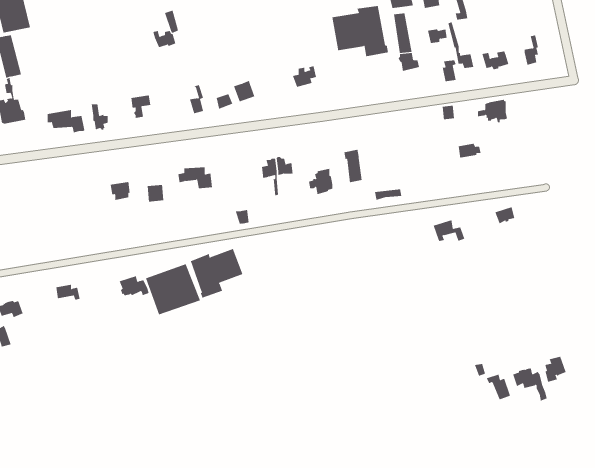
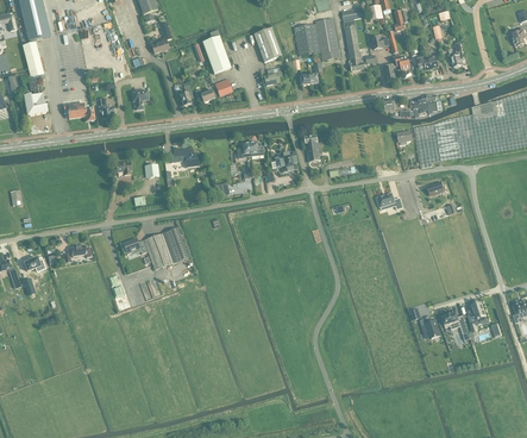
building: none -> [252,27,281,62]
building: none -> [201,36,230,74]
building: [190,248,243,299] -> none

